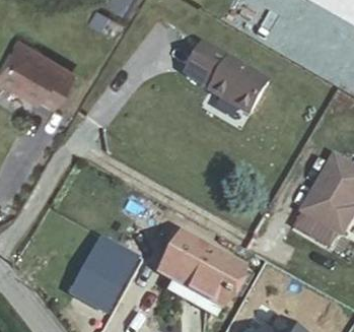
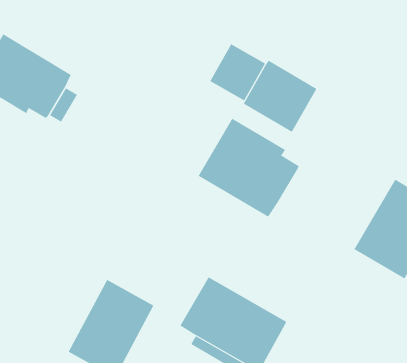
building: none -> [198,118,300,217]

